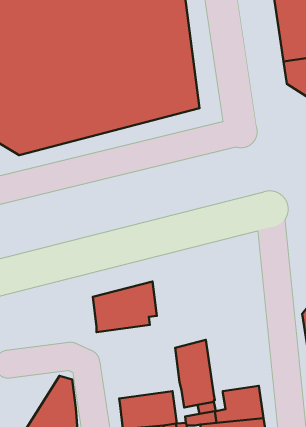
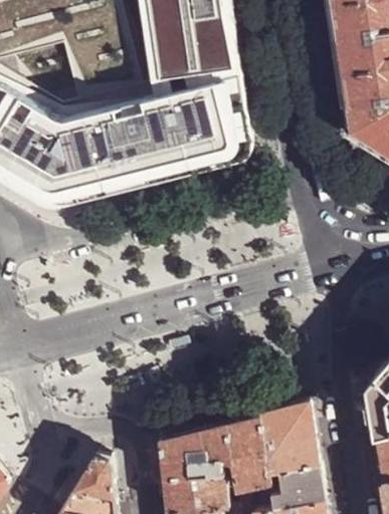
building: [93,282,157,332] -> [159,424,230,480]
building: none -> [259,401,319,476]

